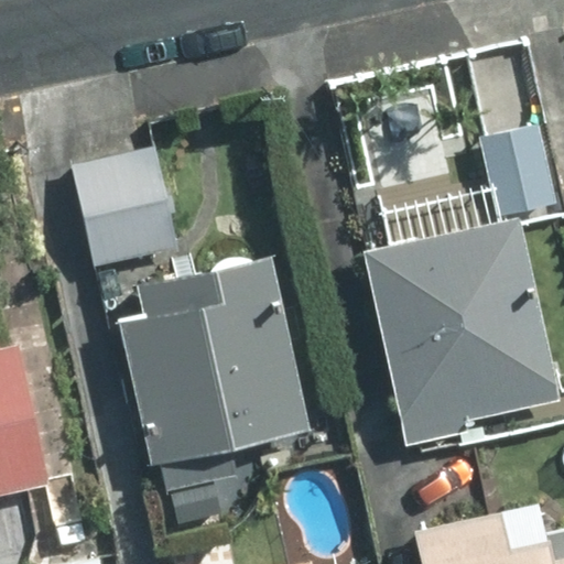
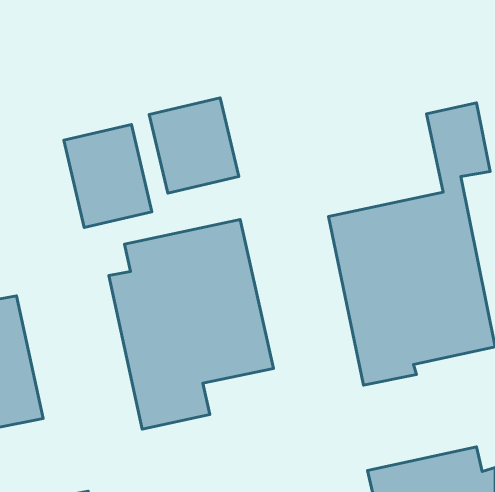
building: none -> [149,98,239,193]

